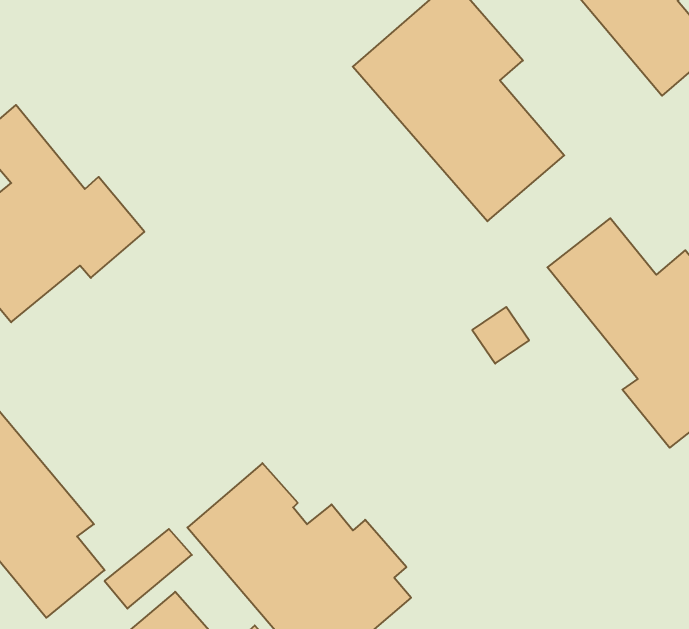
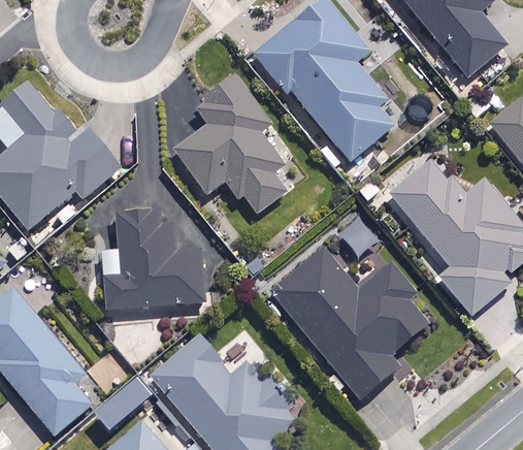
building: none -> [173,74,287,219]
building: none -> [100,213,203,312]
building: none -> [272,251,434,400]

